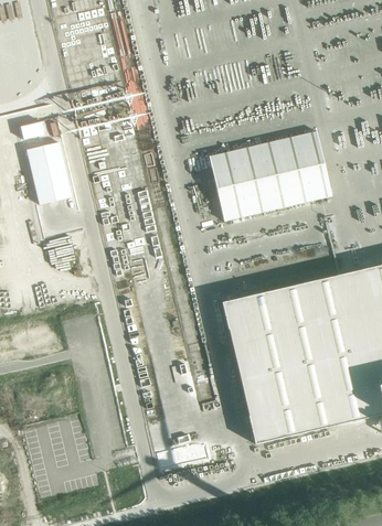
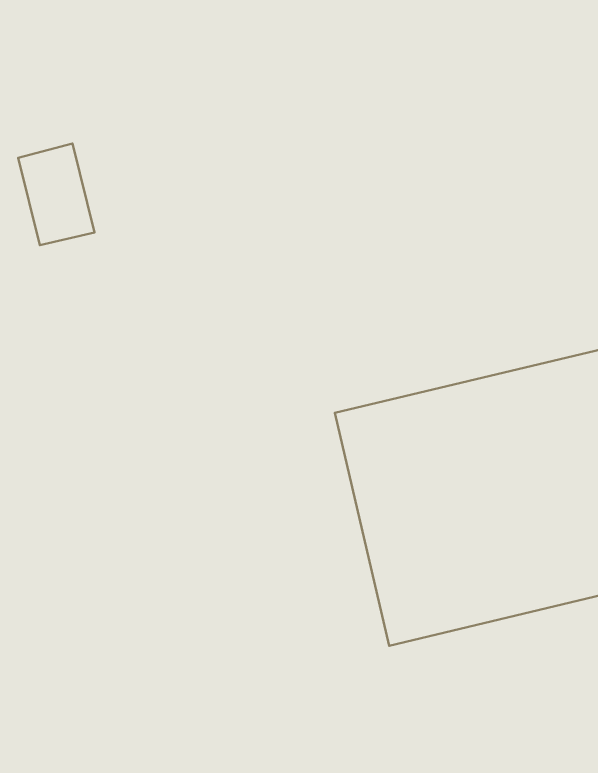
building: [209,130,333,221] -> none

